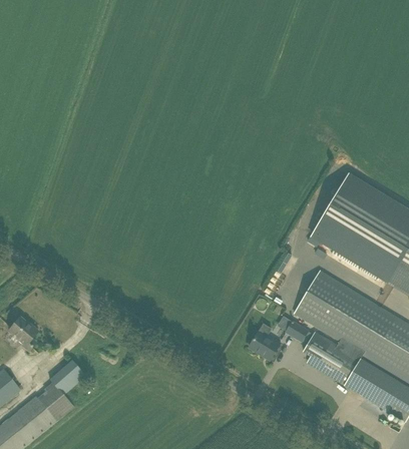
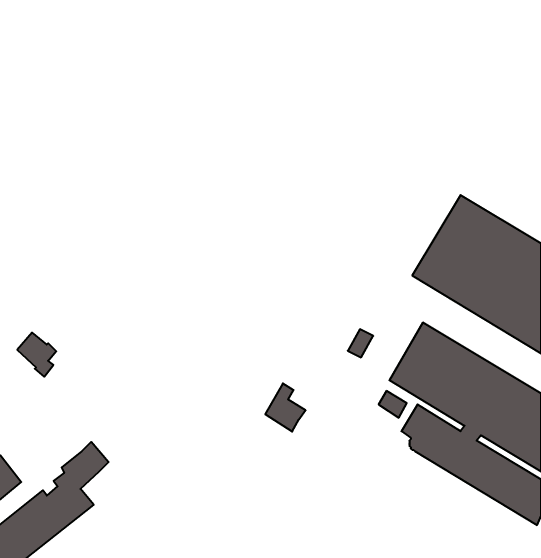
building: [9,317,38,350] -> [17,333,56,377]
building: [250,323,280,359] -> [265,383,306,432]

